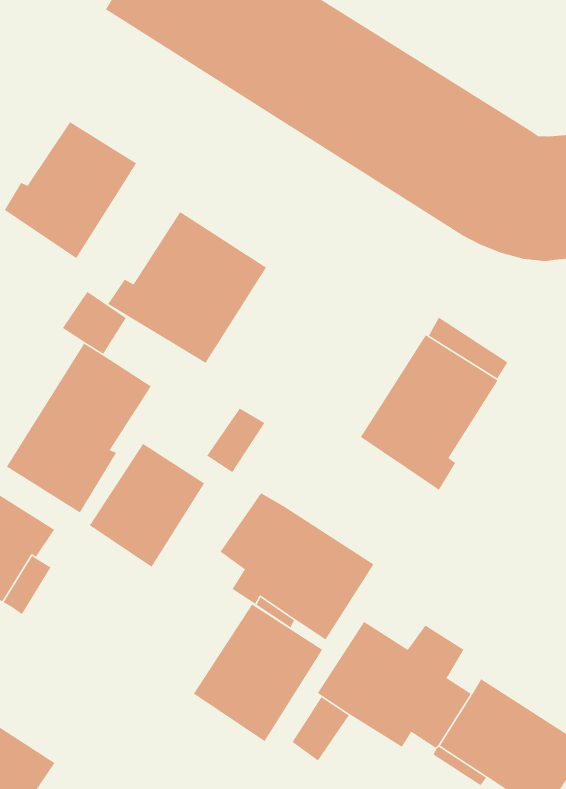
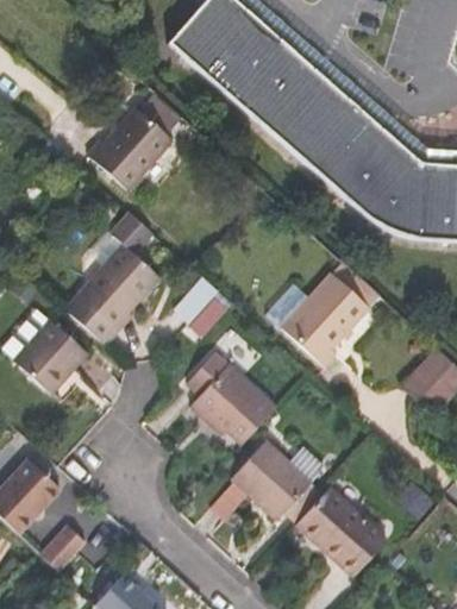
building: [107,212,267,364] -> none
building: [89,443,205,568] -> none
building: [193,603,323,742] -> none

